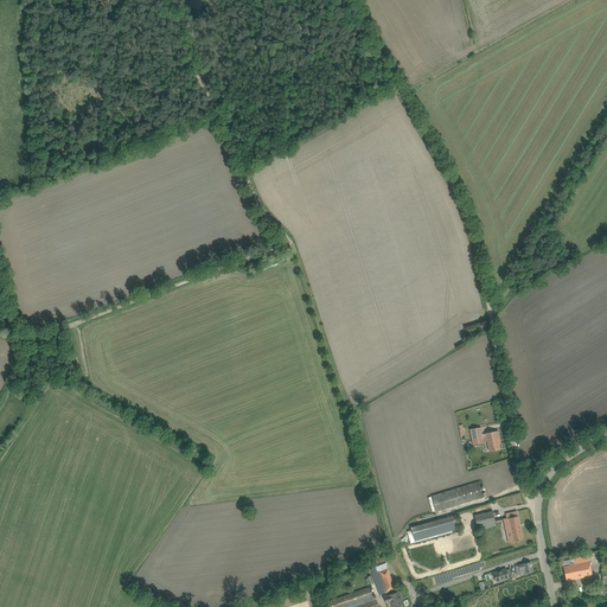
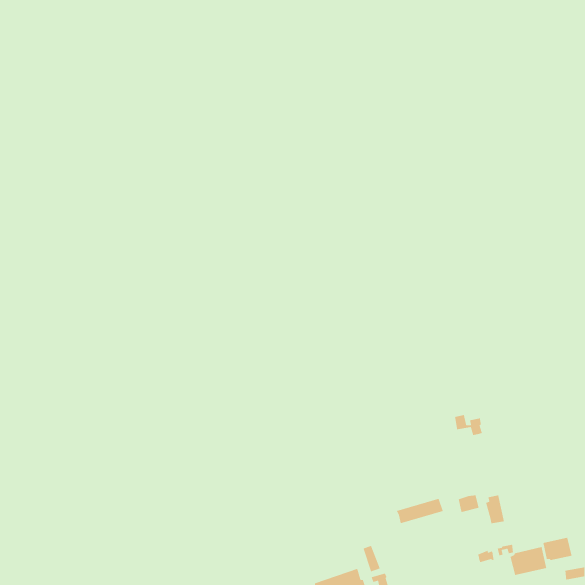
building: [430,483,483,513] -> none
building: none -> [510,546,547,576]

